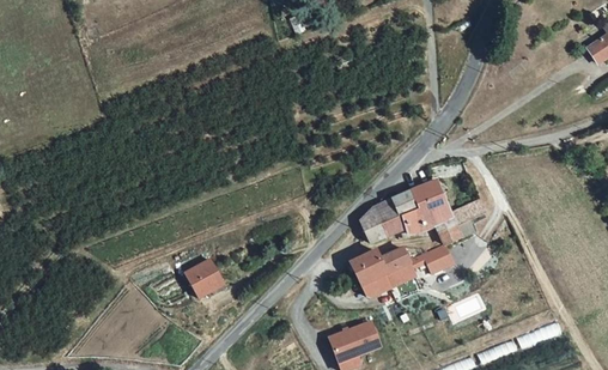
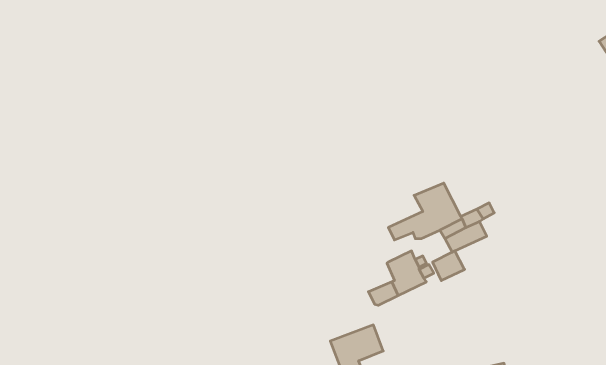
building: [358,190,414,242] -> none
building: [351,249,387,284] -> none
building: [178,253,218,291] -> none

